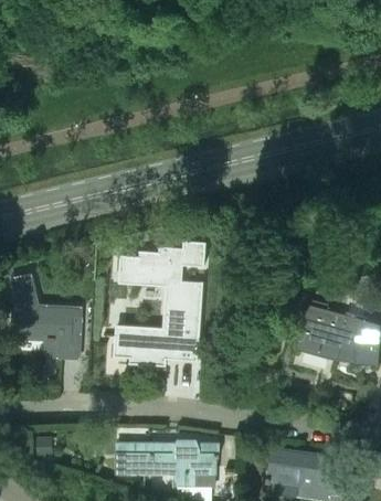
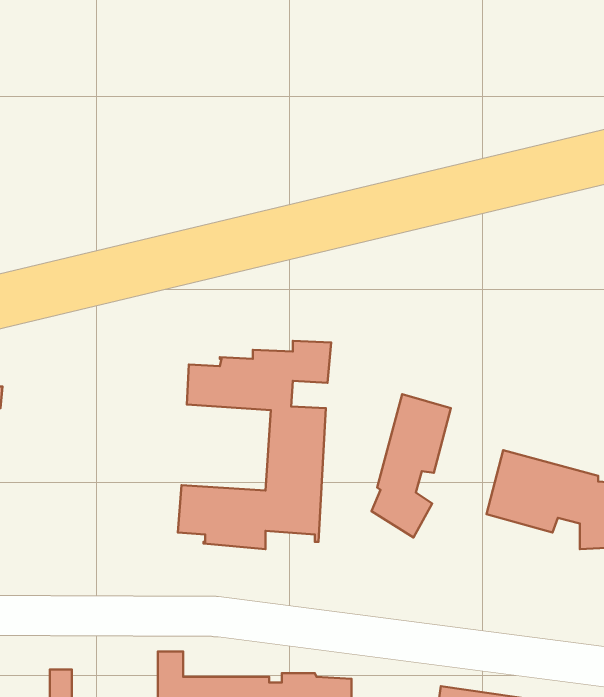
building: none -> [371,394,451,538]
building: [12,274,81,359] -> none

